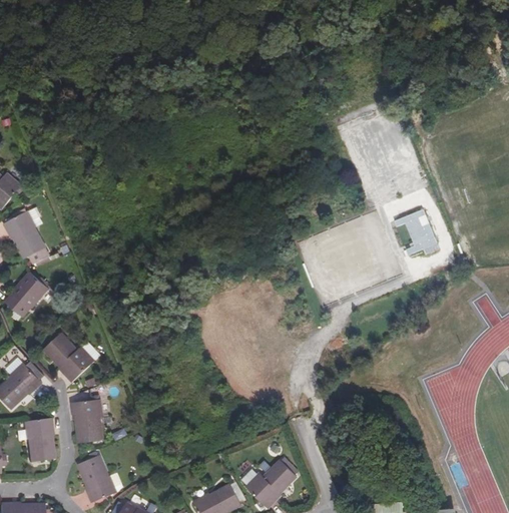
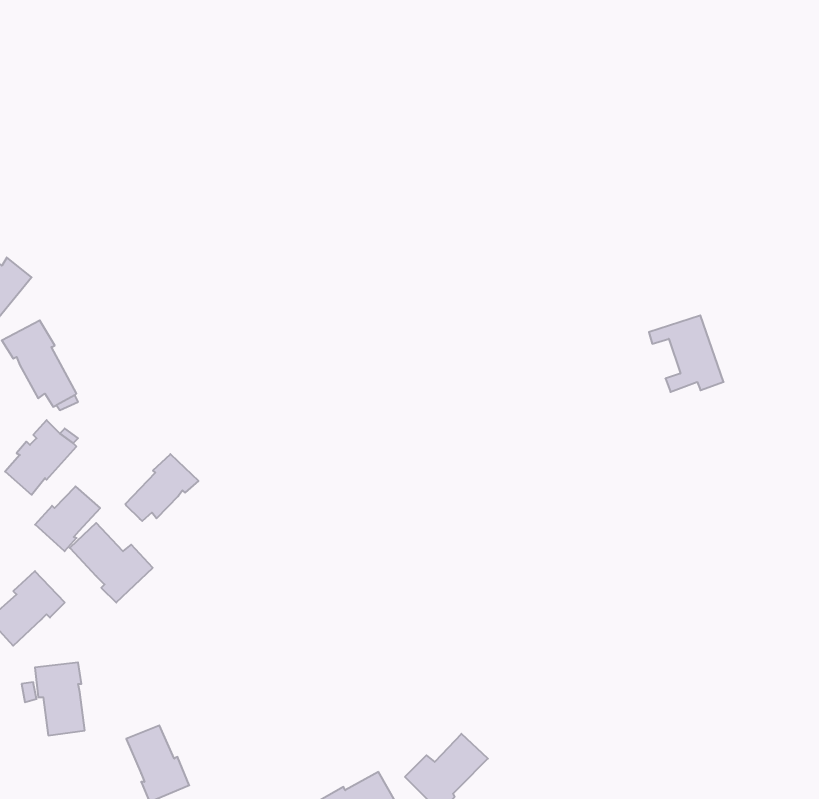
building: none -> [125,454,198,521]
building: none -> [35,486,100,551]
building: [72,400,101,443] -> none

